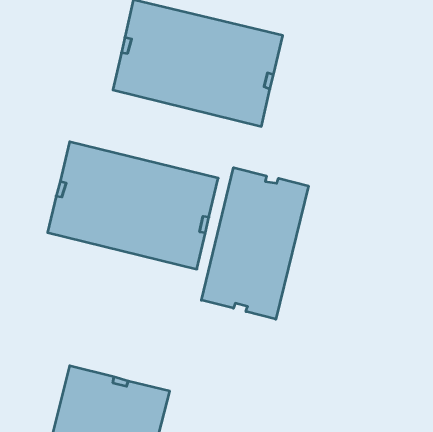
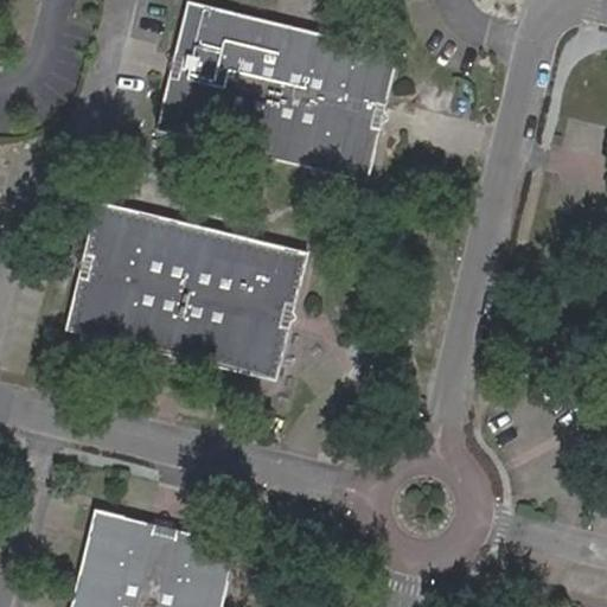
building: [201,168,308,319] -> none

